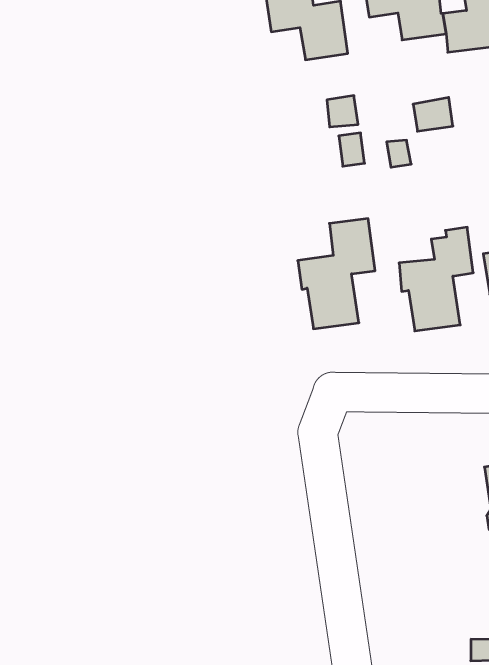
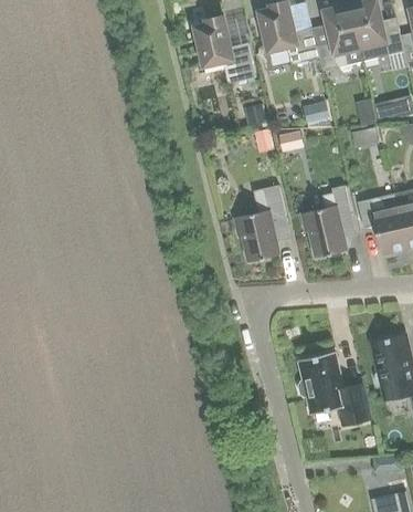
building: none -> [297,351,370,426]

